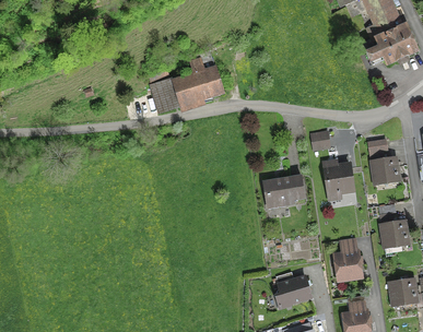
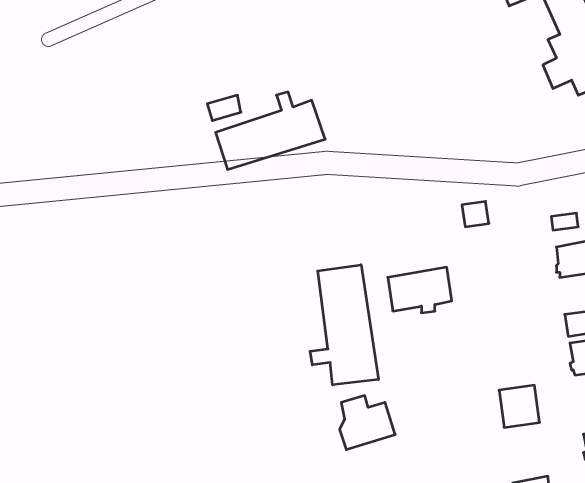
building: [325,164,353,193] -> none
building: none -> [310,265,378,385]
building: [275,271,312,306] -> [340,396,395,450]

